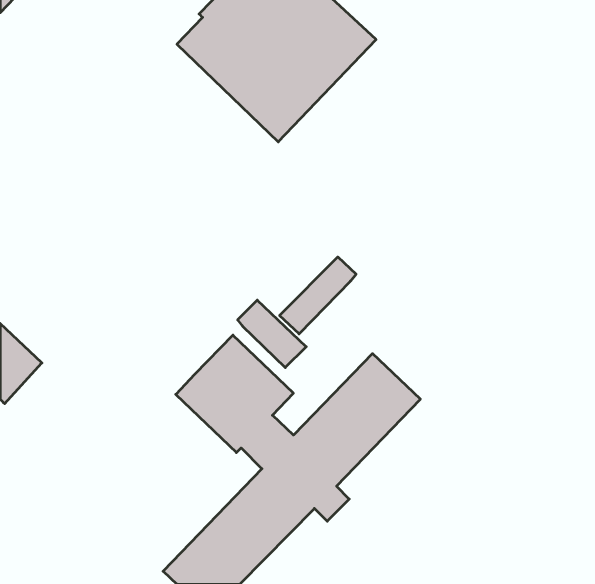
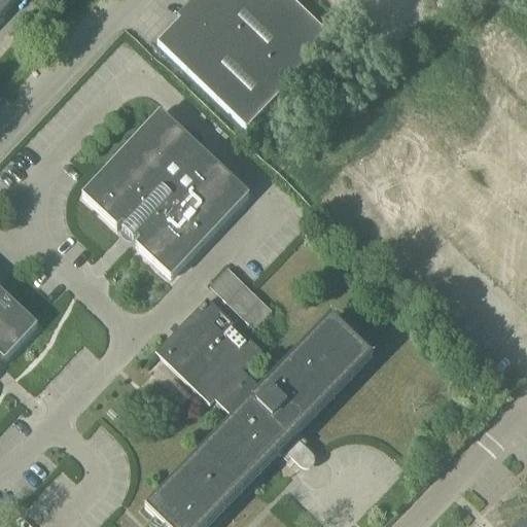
building: none -> [80,107,249,275]
building: [280,257,356,334] -> none

